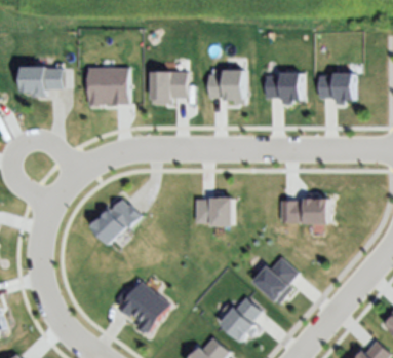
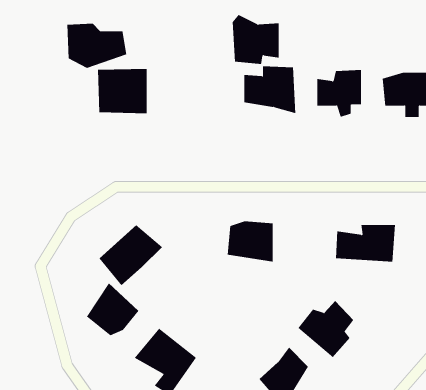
building: [18,63,68,100] -> [67,23,127,68]
building: [148,64,187,105] -> [232,14,280,65]
building: none -> [86,283,139,336]

